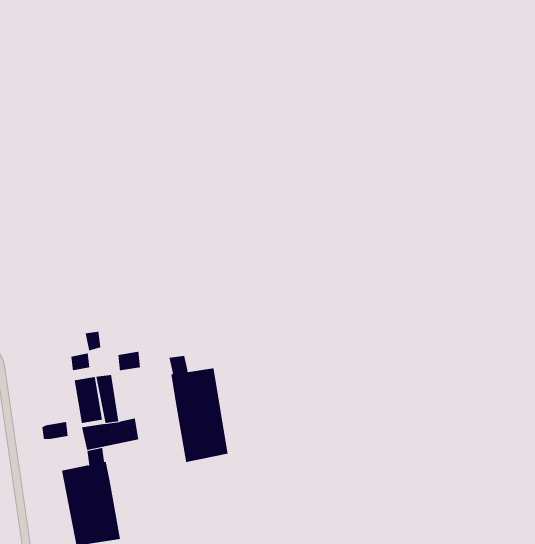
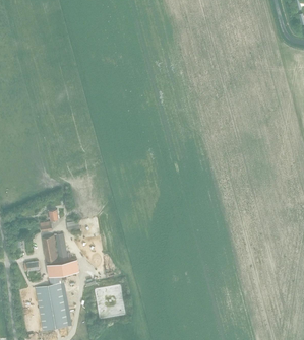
building: [169,355,228,463] -> none

